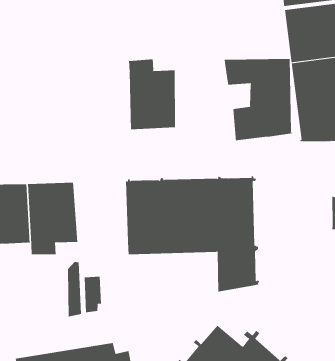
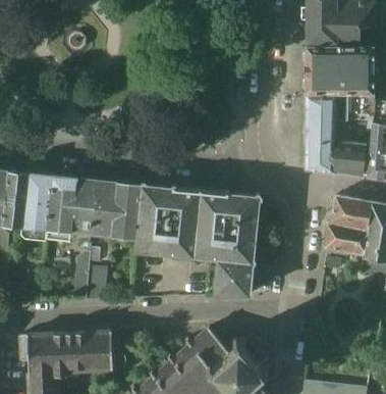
building: [224,58,292,141] -> none
building: [129,59,175,130] -> none
building: none -> [91,180,141,240]

